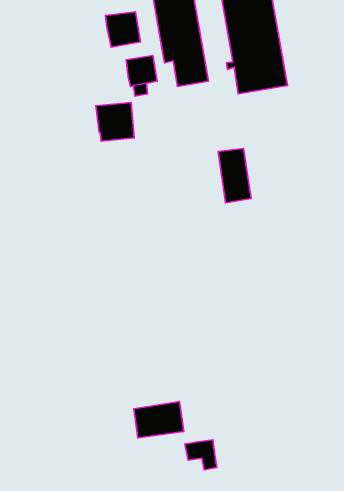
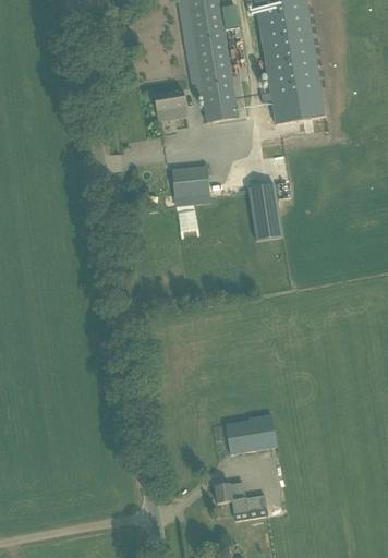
building: [106,12,141,47] -> none
building: [96,103,134,141] -> [172,165,211,204]
building: [134,401,184,438] -> [227,415,278,452]

